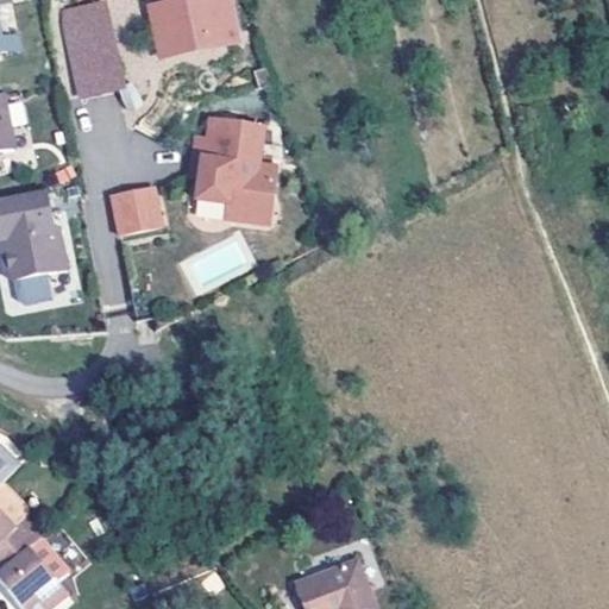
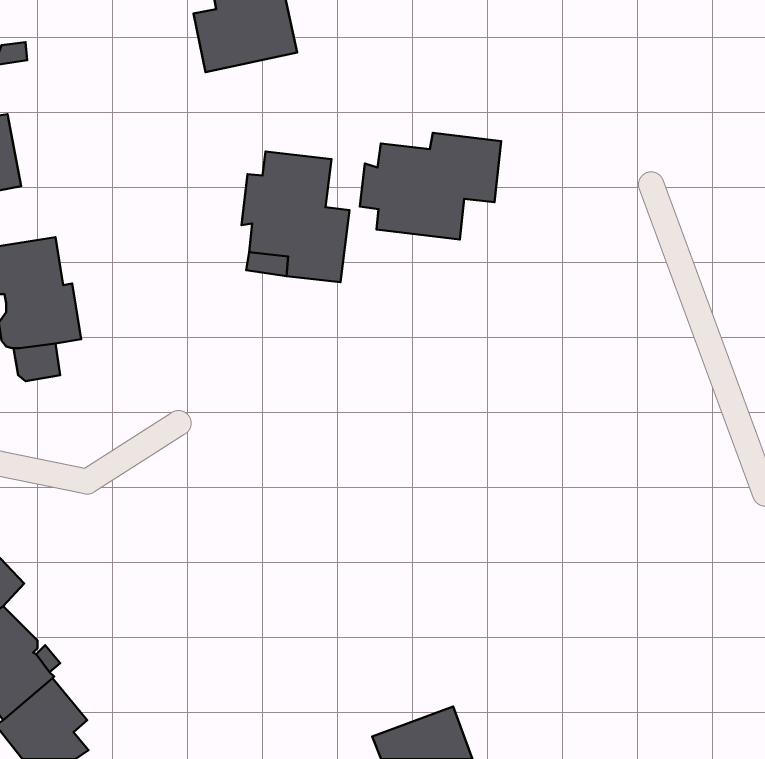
building: [63,5,121,96] -> none
building: none -> [360,133,501,239]
building: [111,186,162,232] -> none

